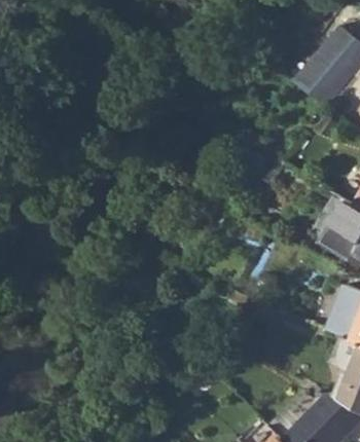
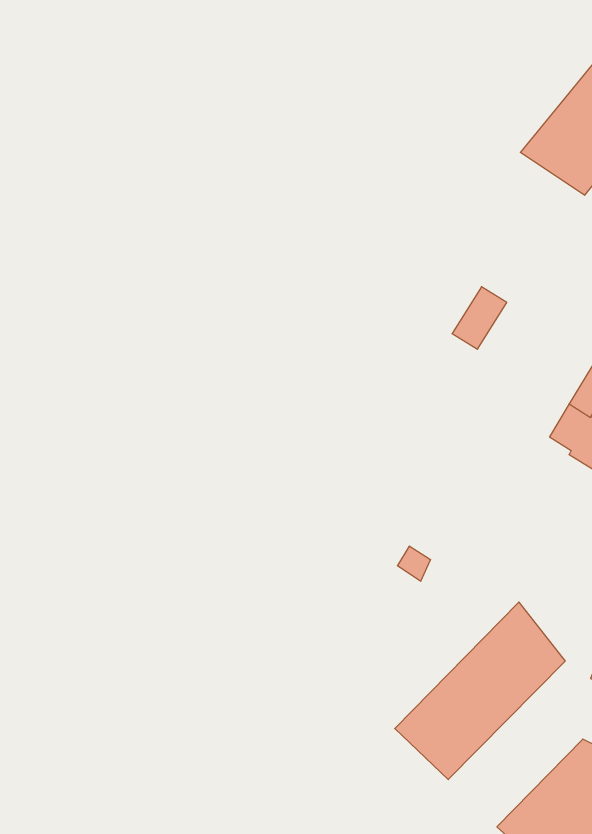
building: none -> [395,602,565,780]

